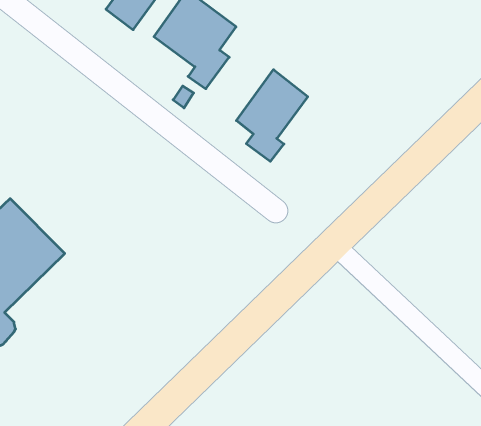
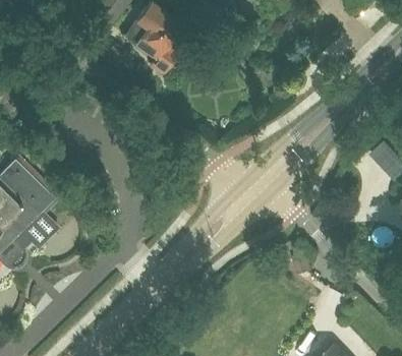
building: [236,70,308,161] -> none

